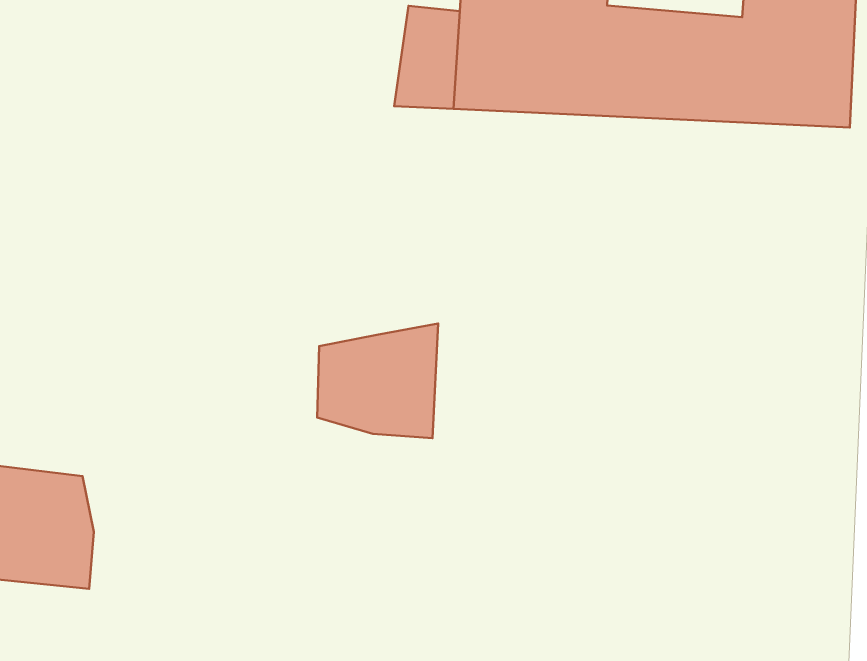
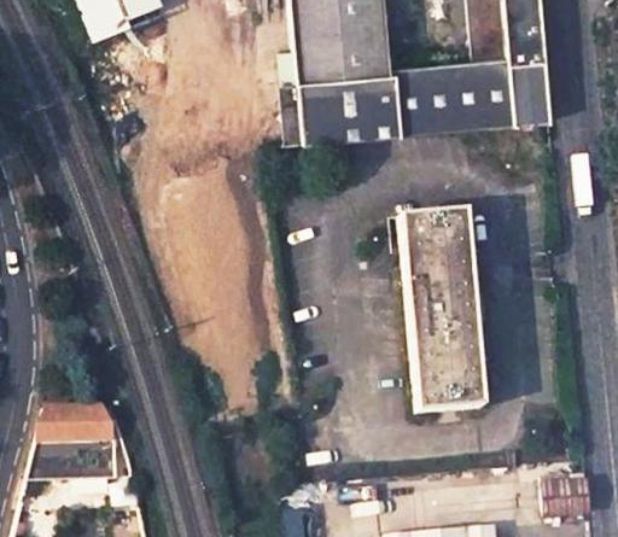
building: none -> [401,209,485,410]
building: [317,324,438,438] -> none

